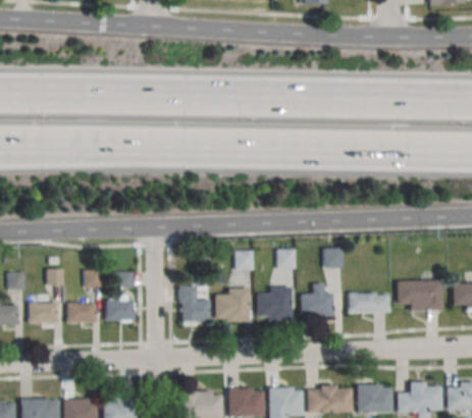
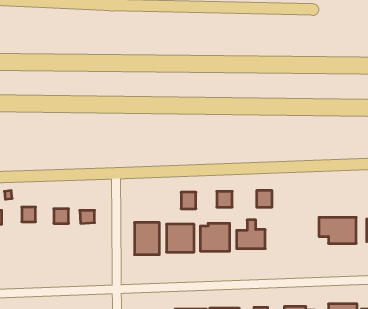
building: [348,293,389,313] -> none
building: [106,295,133,321] -> none
building: [29,301,56,323] -> none
building: [67,303,95,322] -> none

